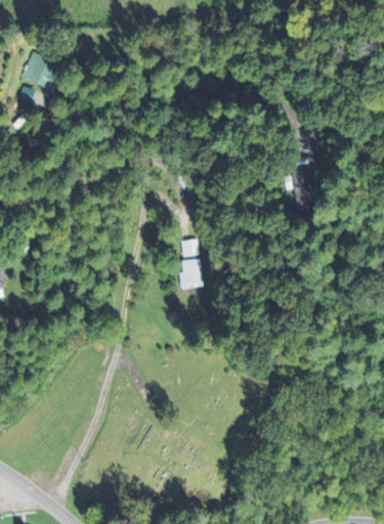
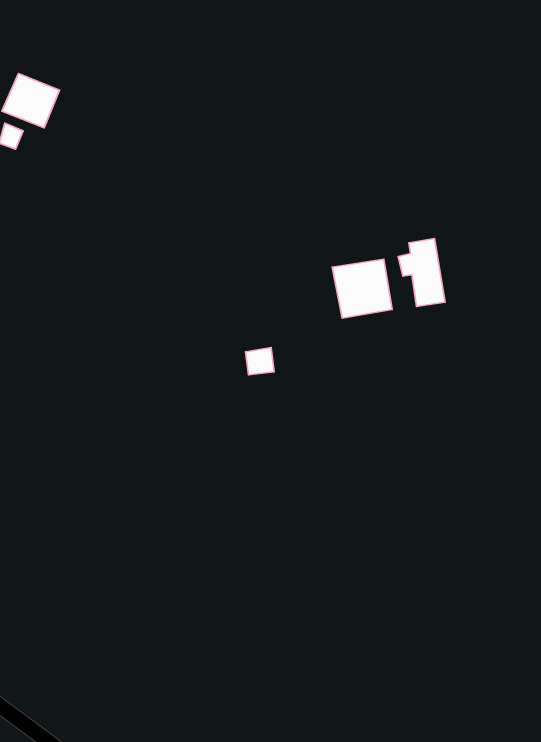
building: none -> [332,259,392,318]
building: [180,258,207,288] -> none

